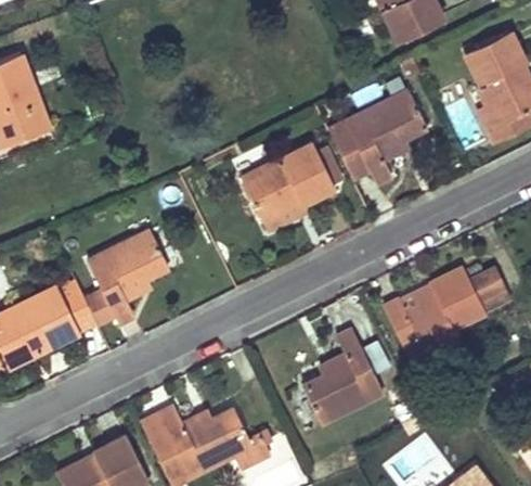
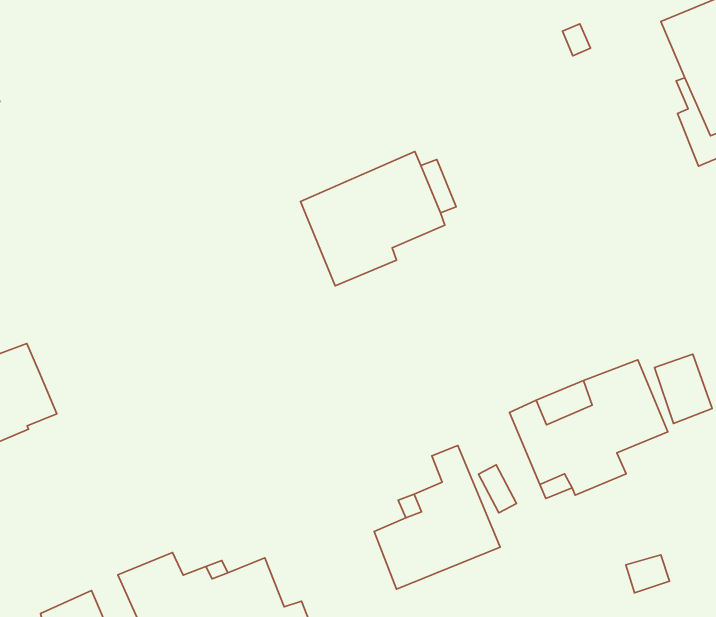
building: [327,90,427,186] -> none
building: [85,232,168,324] -> none

